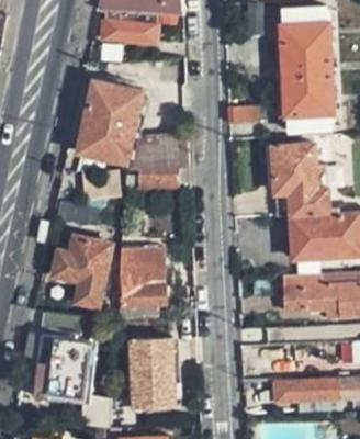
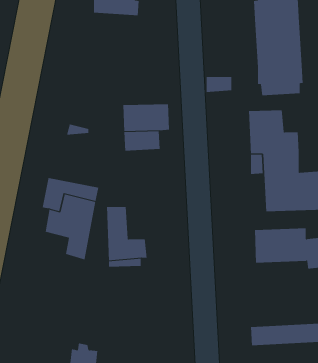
building: [79,82,144,165] -> none
building: [33,314,91,397] -> none
building: [130,337,178,407] -> none

